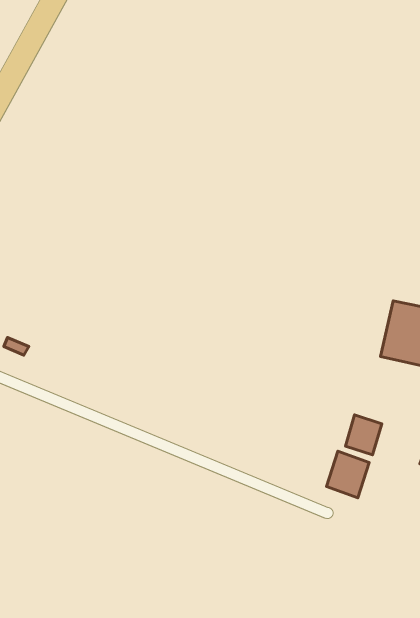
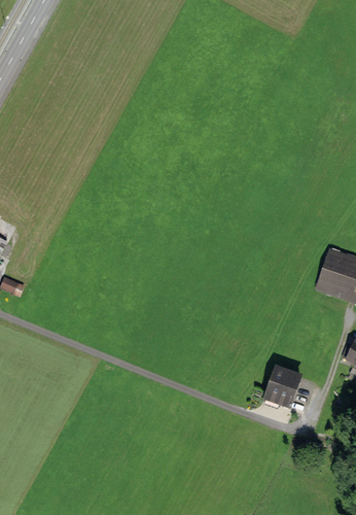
building: [345,415,382,455] -> none

